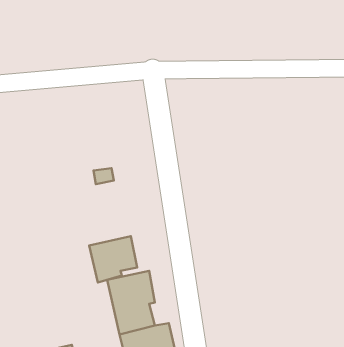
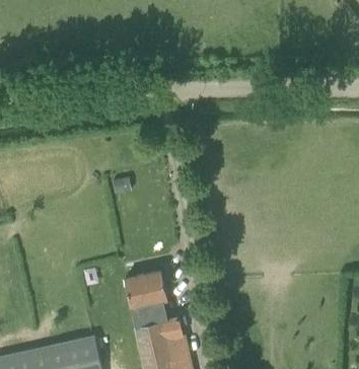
building: [89,236,137,282] -> none

